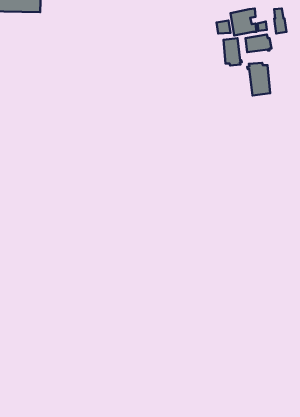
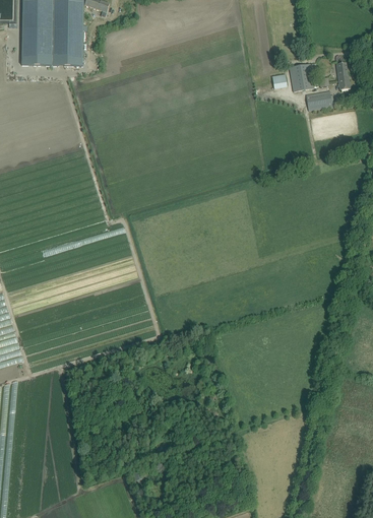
building: [223,38,242,65] -> none
building: [247,63,270,96] -> none

